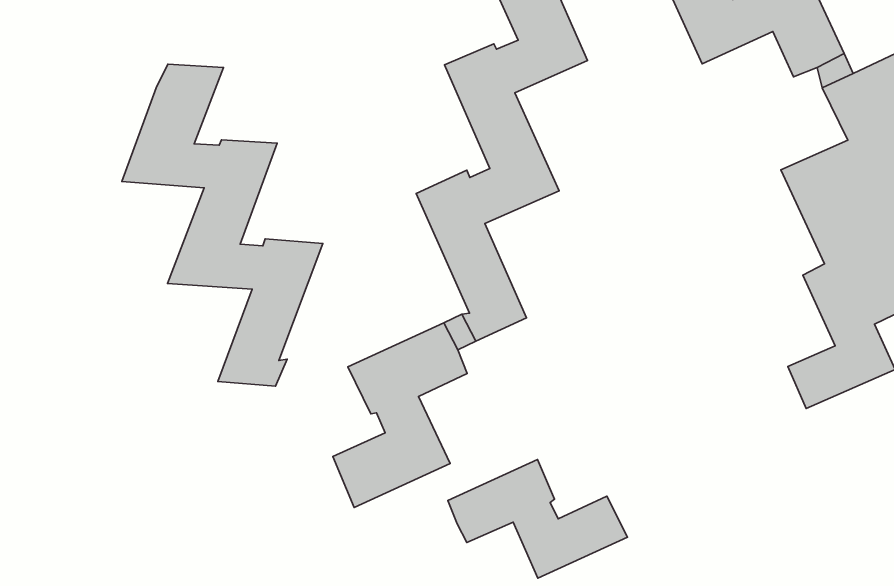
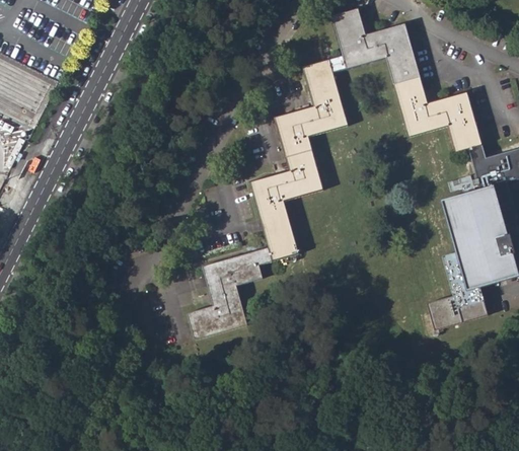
building: [122,64,323,386] -> none
building: [448,459,627,578] -> none

